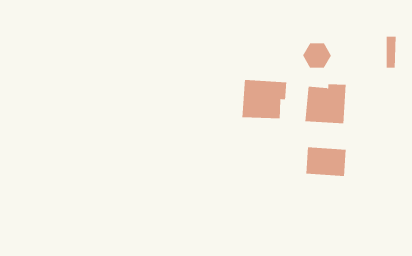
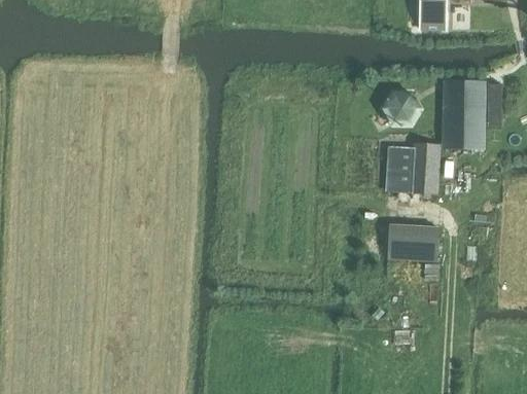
building: none -> [443,82,486,148]
building: [242,79,287,119] -> none

